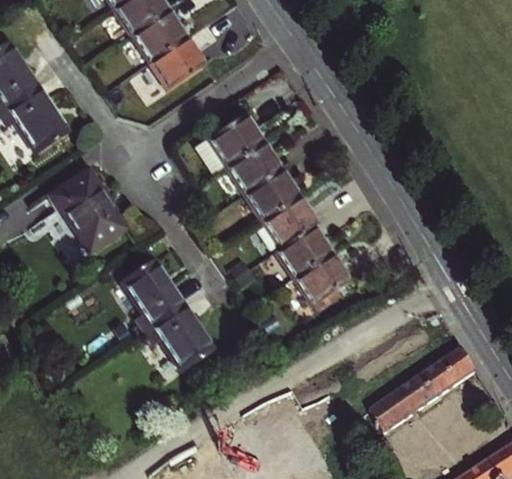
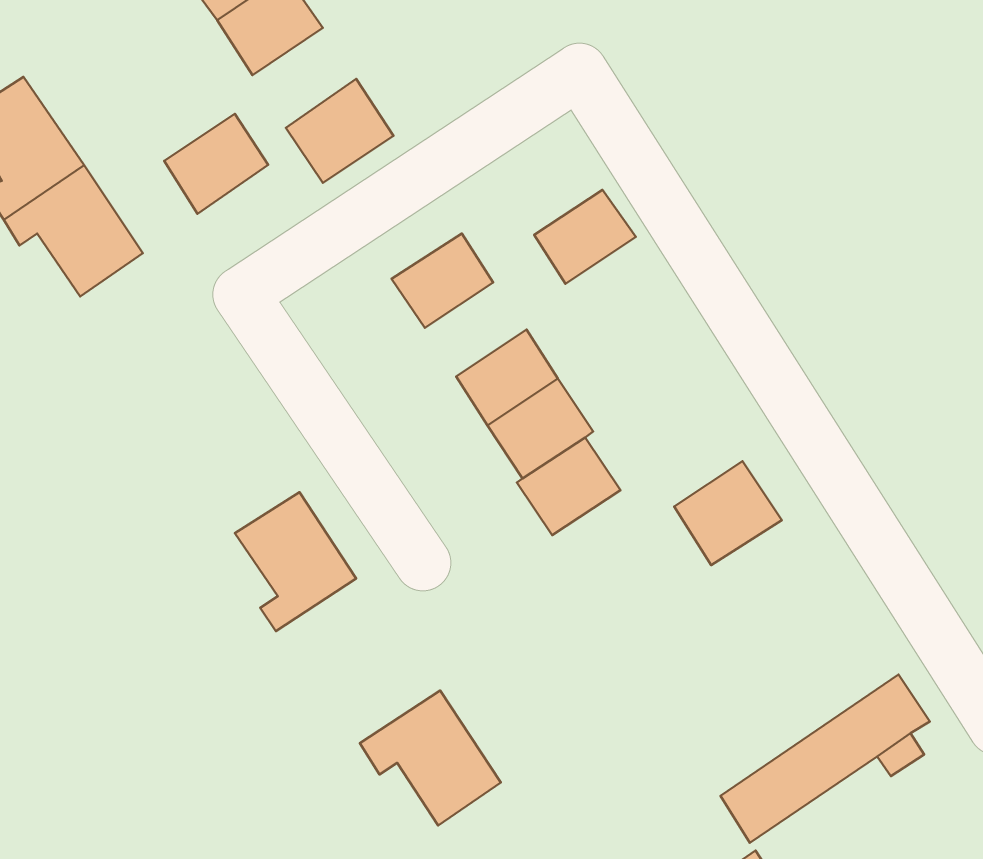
building: [133,16,186,67] -> [164,114,268,214]
building: [221,146,273,194] -> [534,190,636,284]
building: [47,166,123,250] -> none
building: [286,252,341,305] -> [674,461,782,565]
building: [145,297,217,366] -> [360,690,501,826]

